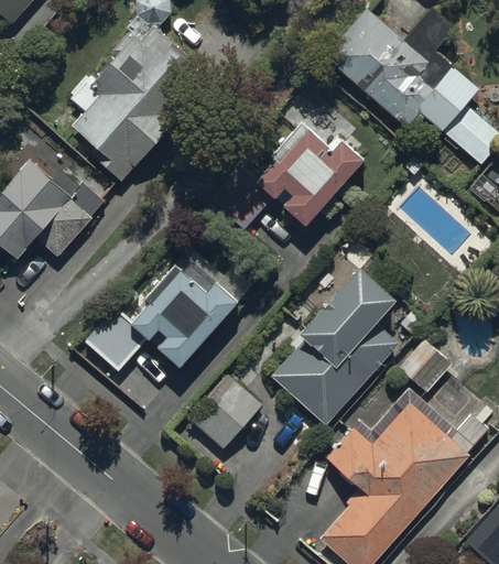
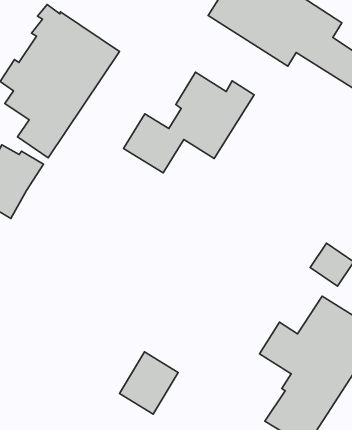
building: [80,247,256,373] -> none
building: [272,264,400,426] -> none
building: [188,376,260,449] -> [120,352,178,414]

